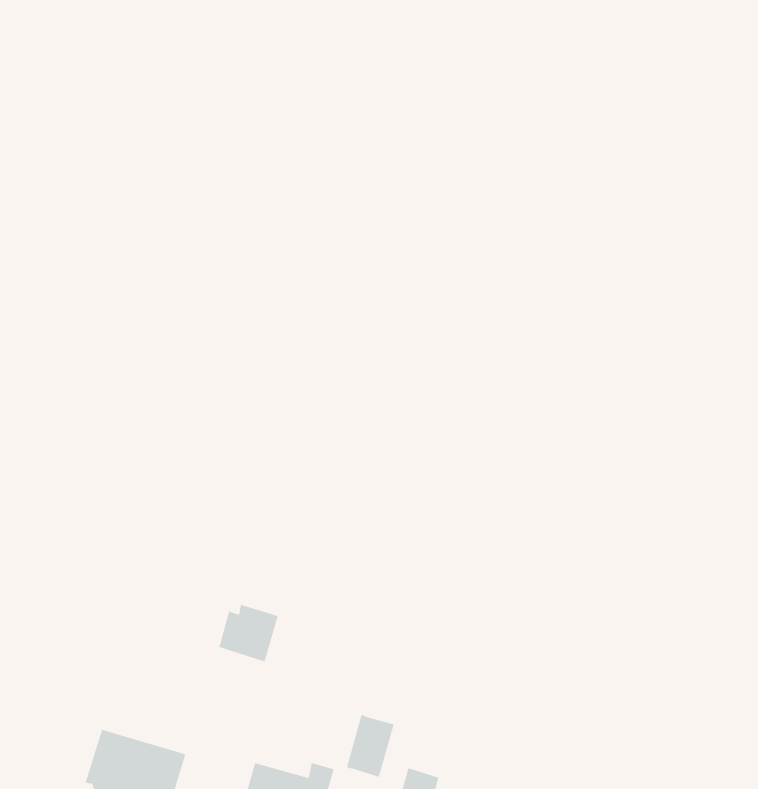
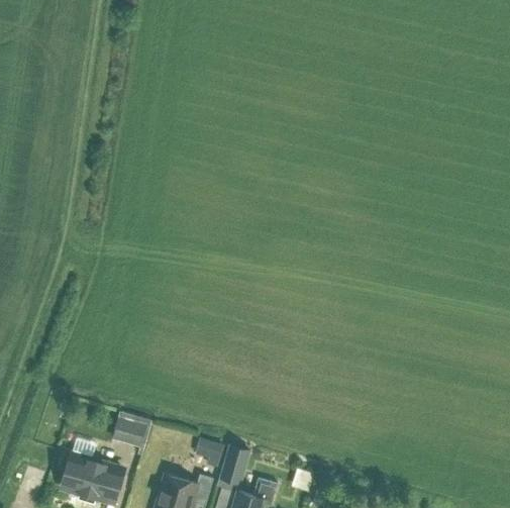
building: [218,604,278,662] -> [112,414,148,449]
building: none -> [195,437,225,468]

